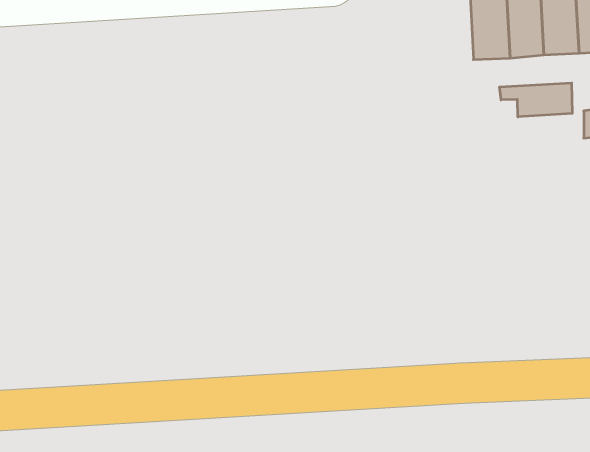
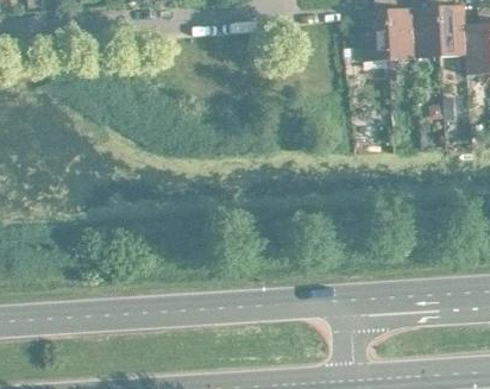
building: [500,83,572,117] -> none

